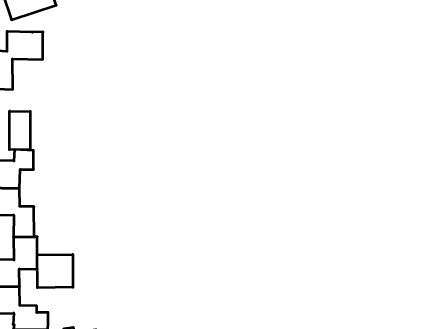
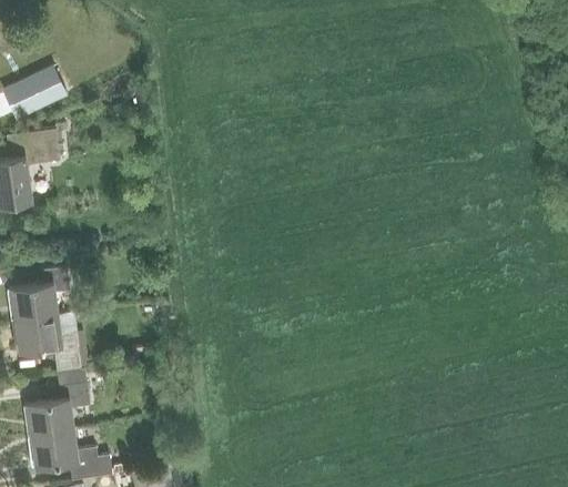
building: [9,111,30,150] -> none
building: [37,254,73,288] -> none

